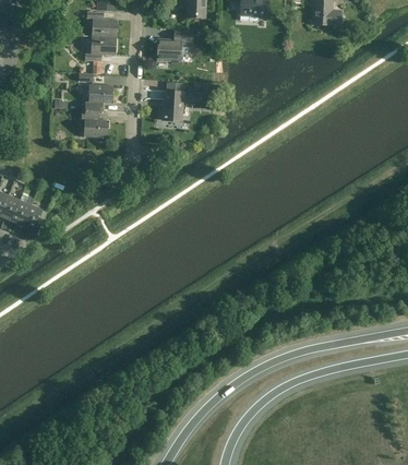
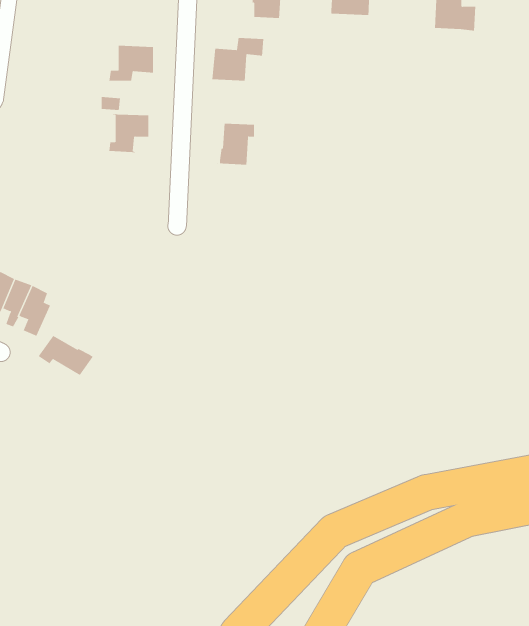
building: [86,10,117,36] -> none
building: [81,108,108,140] -> none
building: none -> [38,335,95,376]

